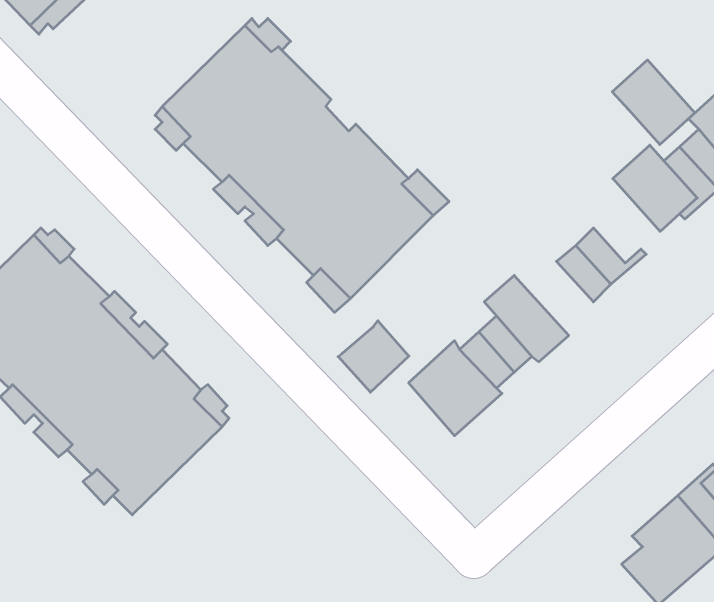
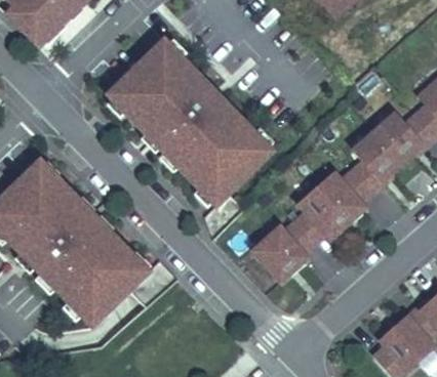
building: [612,60,695,145] -> [354,130,402,179]
building: none -> [317,170,366,221]
building: [338,321,409,392] -> none

